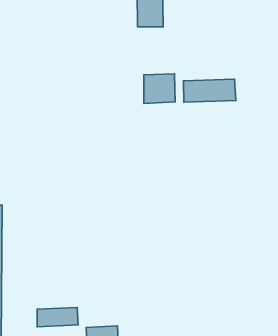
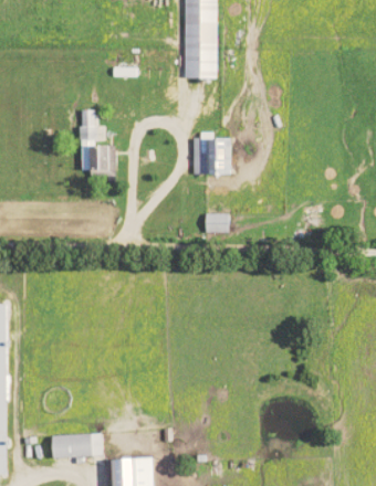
building: none -> [76,110,111,172]
building: [183,79,236,102] -> none
building: none -> [200,214,227,233]

